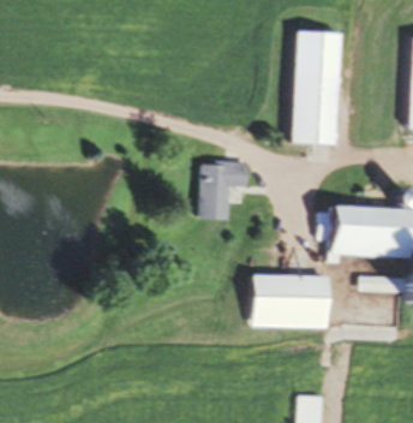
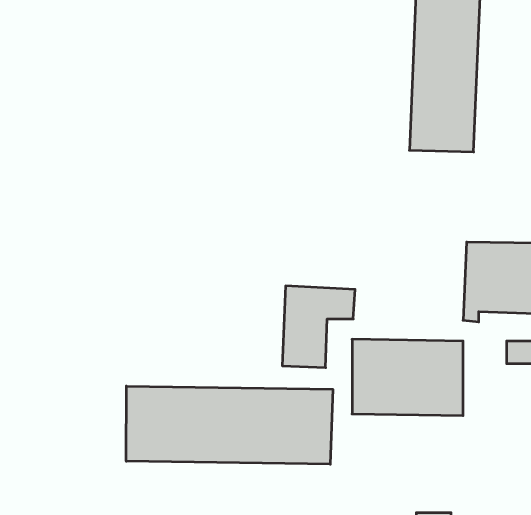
building: [198,163,249,220] -> [282,286,355,368]
building: none -> [126,386,333,464]

